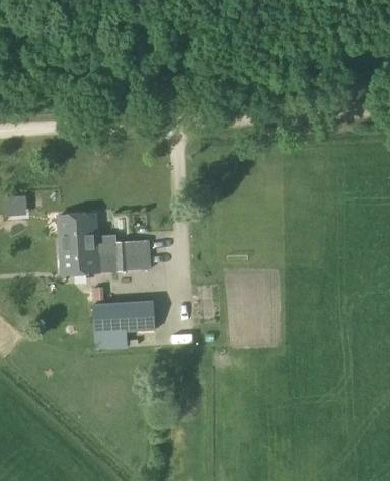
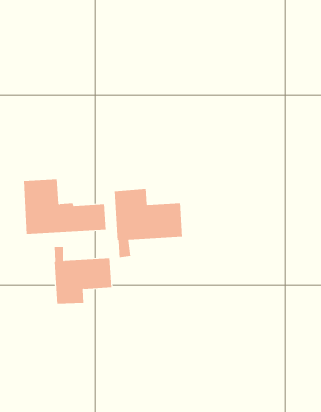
building: none -> [114,188,182,258]

